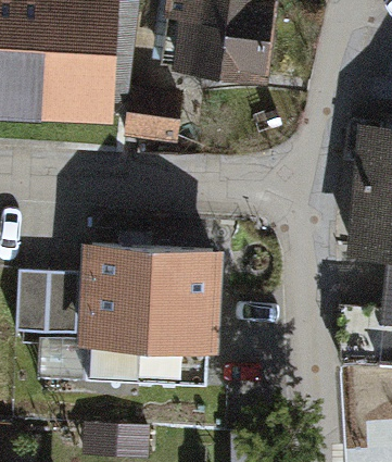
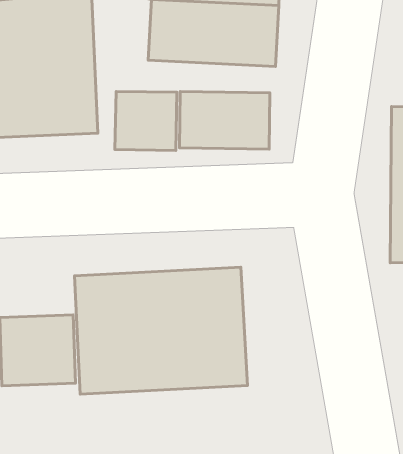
building: none -> [180,91,270,149]

